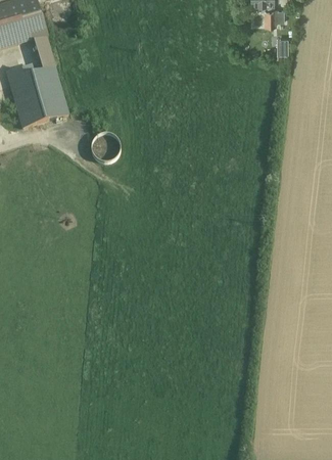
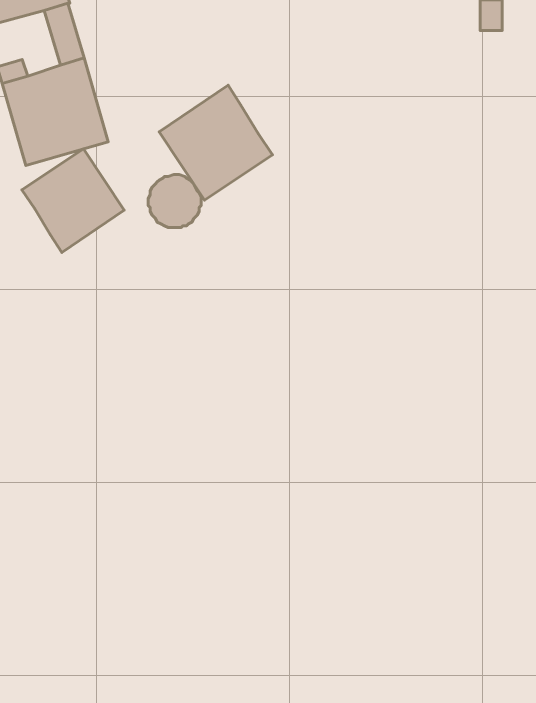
building: none -> [159,85,272,200]
building: none -> [22,149,124,252]

